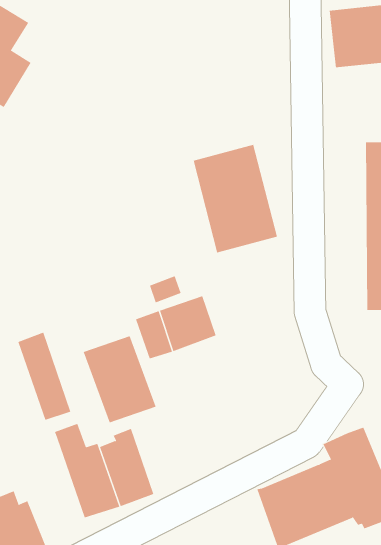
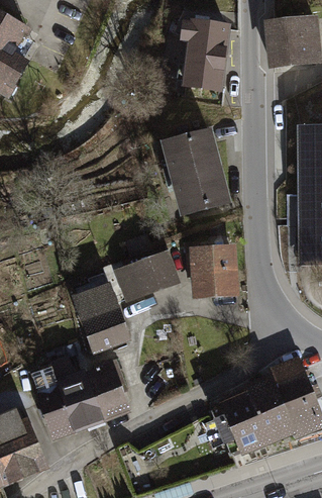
building: none -> [180,17,230,89]
building: none -> [190,243,239,298]
building: [17,332,71,421] -> [29,364,73,435]

